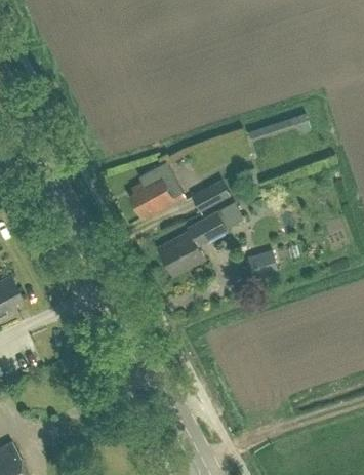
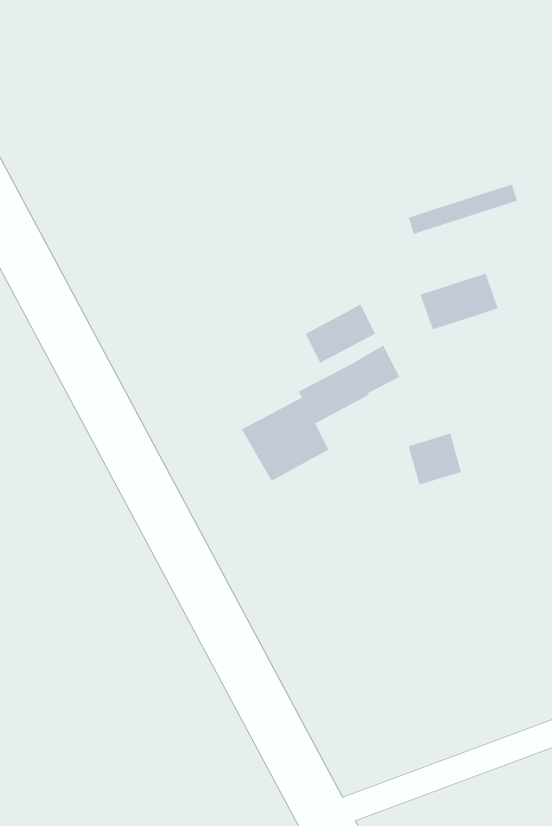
building: [127,163,183,221] -> none
building: none -> [420,273,498,330]

